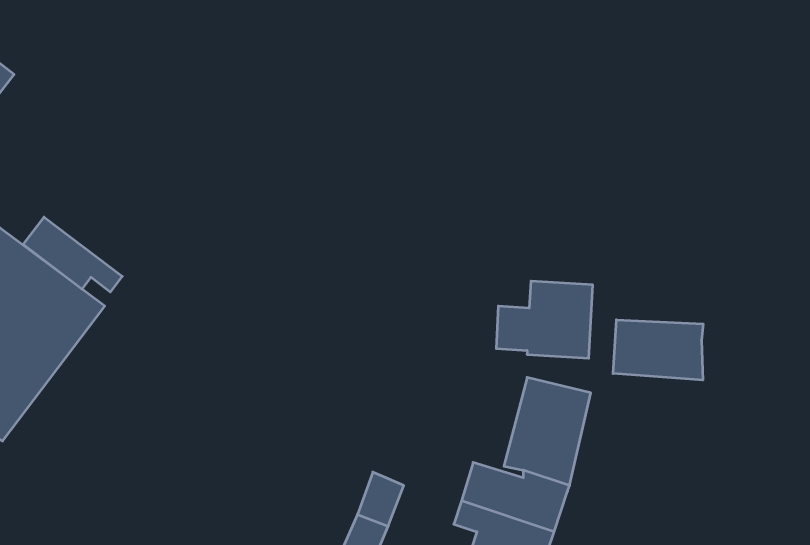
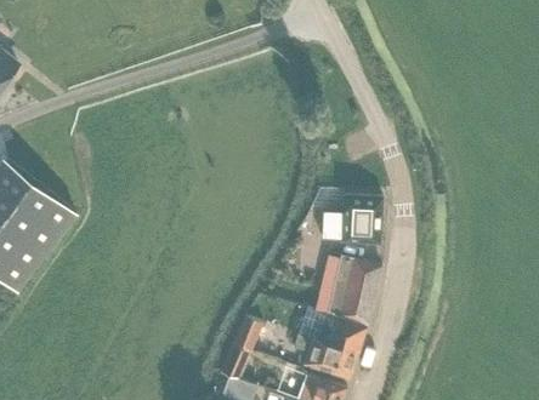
building: [23,217,122,292] -> none
building: [613,320,703,380] -> none

